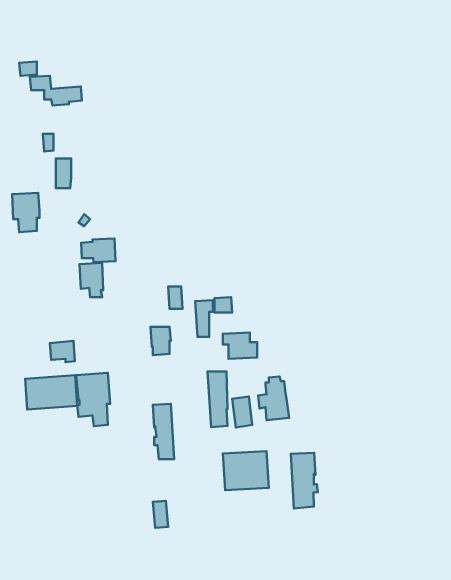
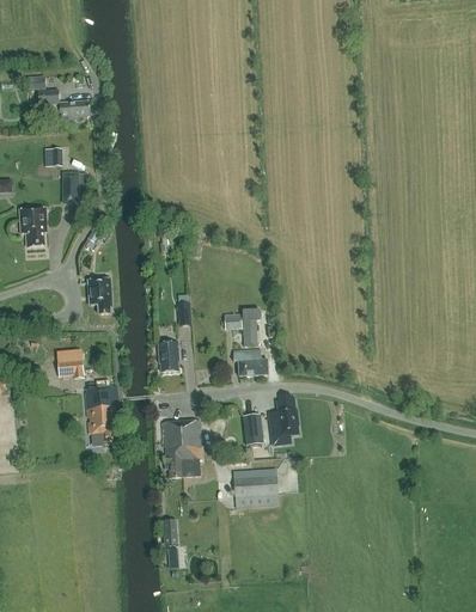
building: [81,239,116,262] -> none
building: [195,300,213,337] -> [242,307,260,344]
building: [208,371,228,427] -> [179,420,200,476]
building: [25,375,77,410] -> none
building: [291,453,318,509] -> none

